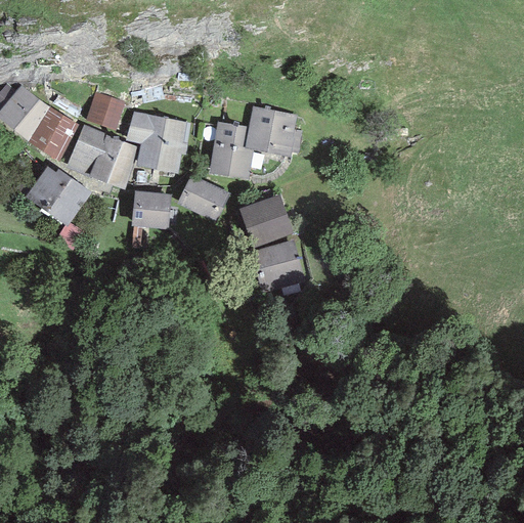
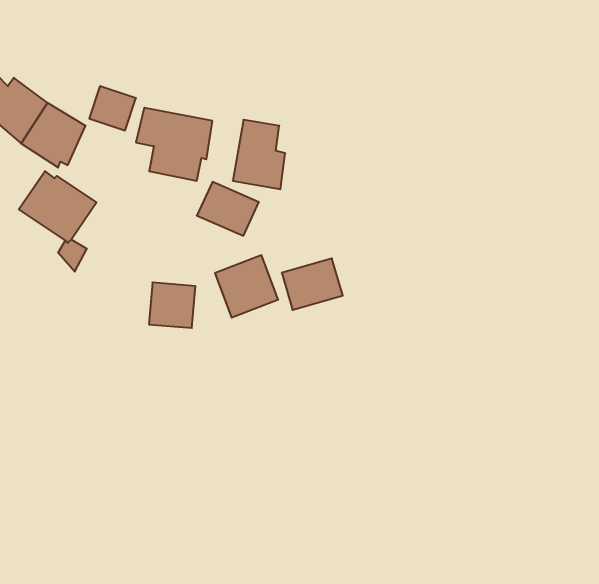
building: [245,106,303,157] -> none
building: [64,124,136,189] -> none
building: [131,190,171,229] -> [149,282,195,328]
building: [238,193,293,247] -> [215,255,278,318]

